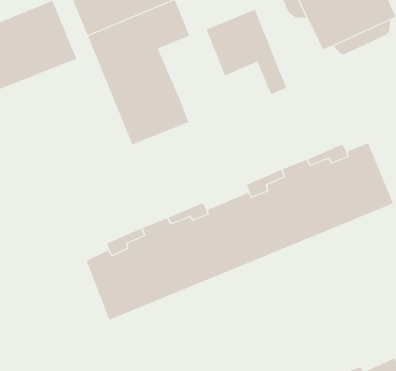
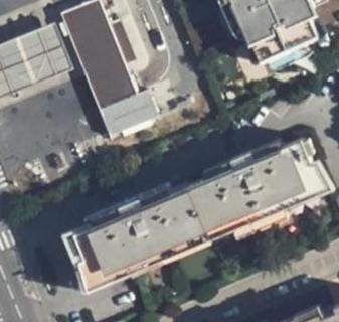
building: [206,9,287,95] -> none

